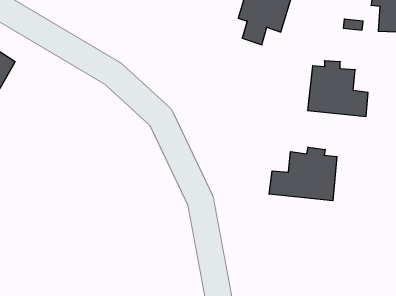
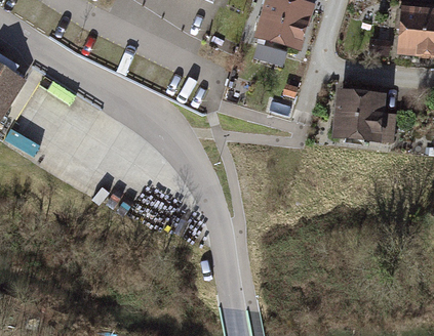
building: [269,147,337,201] -> none

